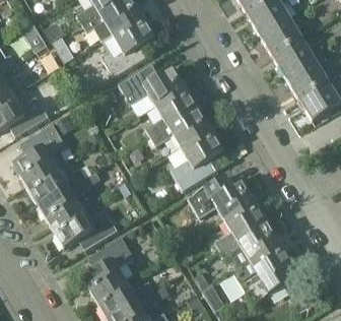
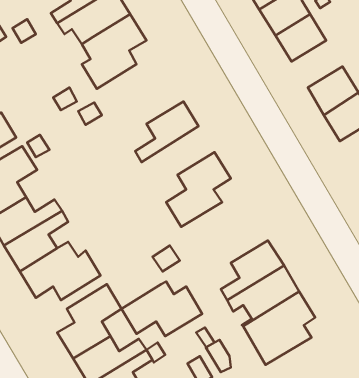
building: [273,38,315,76] -> none
building: [119,64,185,106] -> none
building: [150,108,210,147] -> none
building: [188,175,254,219] -> [122,282,202,336]

